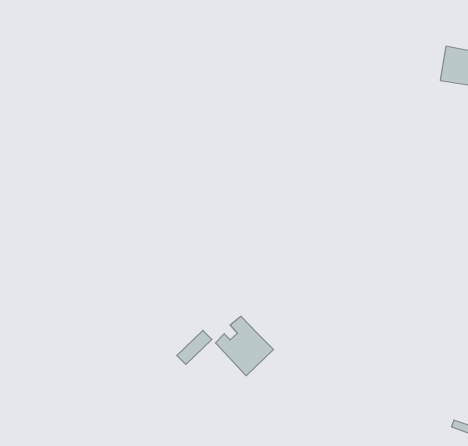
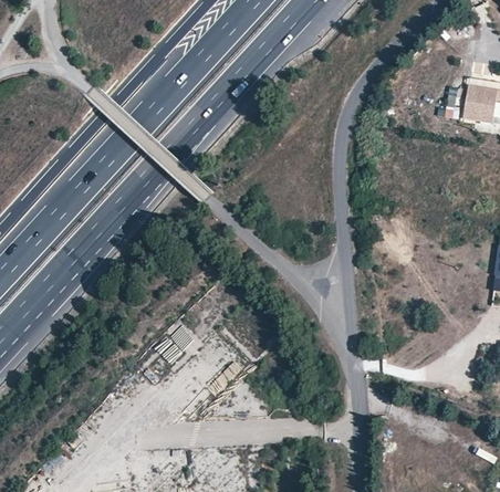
building: [215,316,274,376] -> none

